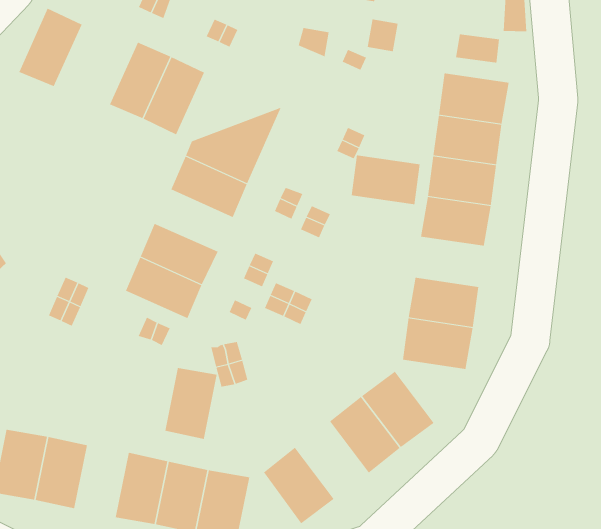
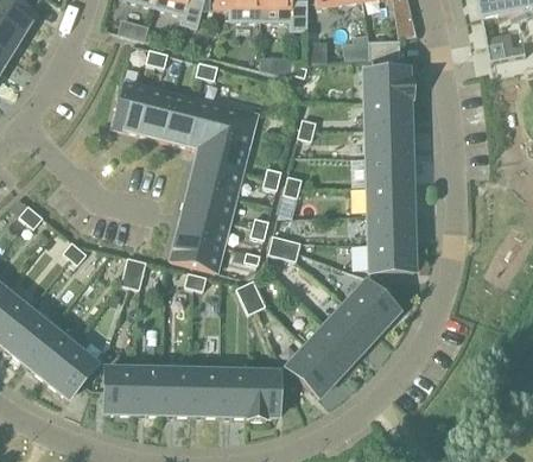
building: [19,8,82,87] -> [112,78,150,132]
building: none -> [188,99,256,147]
building: [351,155,420,205] -> [367,184,413,214]
building: none -> [183,183,236,220]
building: [164,367,218,440] -> [163,368,192,414]
building: none -> [306,323,360,375]

